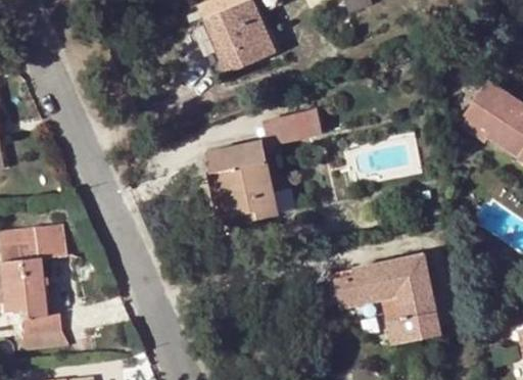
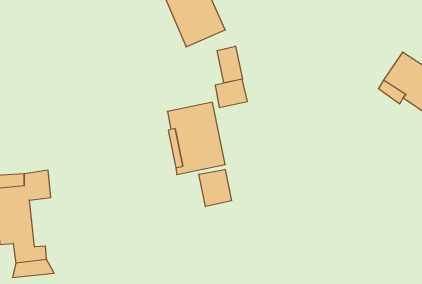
building: none -> [217,46,242,83]
building: none -> [199,169,231,207]
building: [336,253,439,343] -> none

